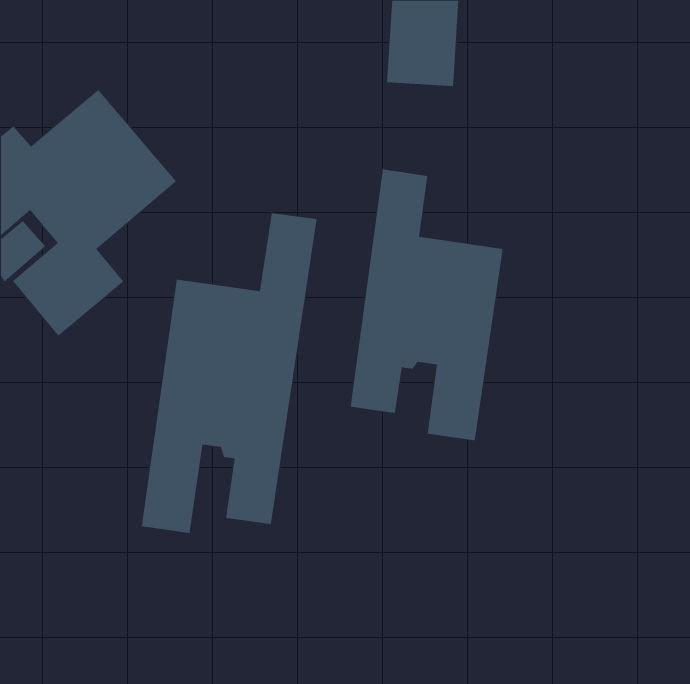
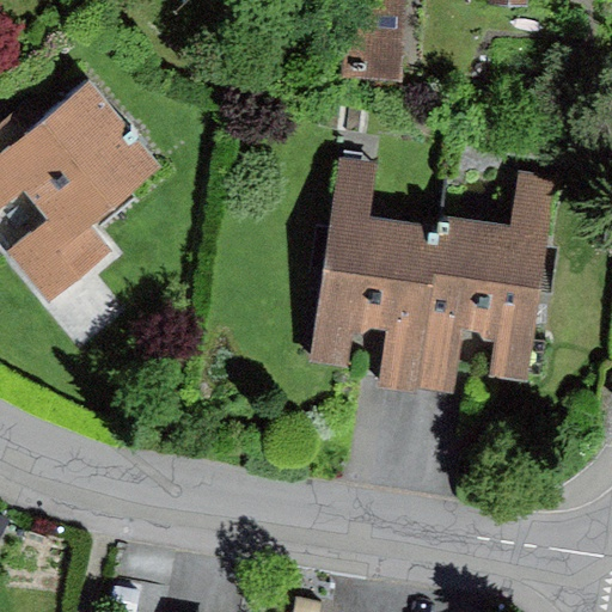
building: none -> [422,176,556,394]
building: [142,212,317,534] -> none

